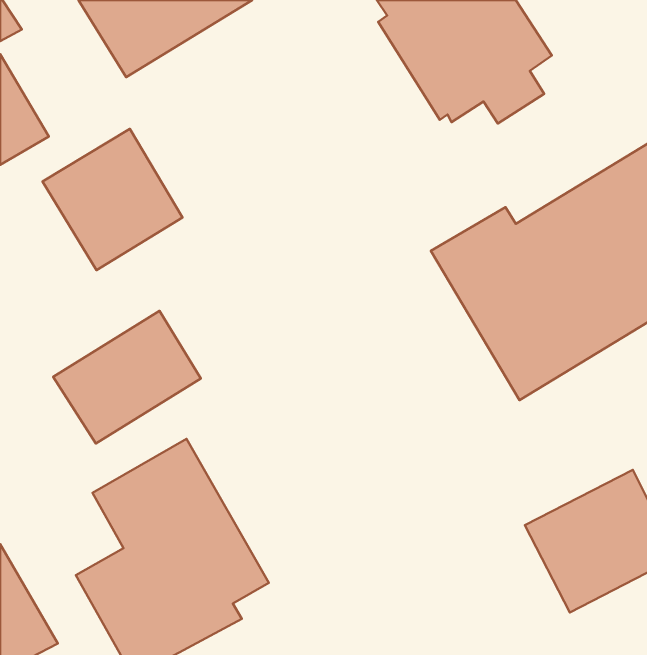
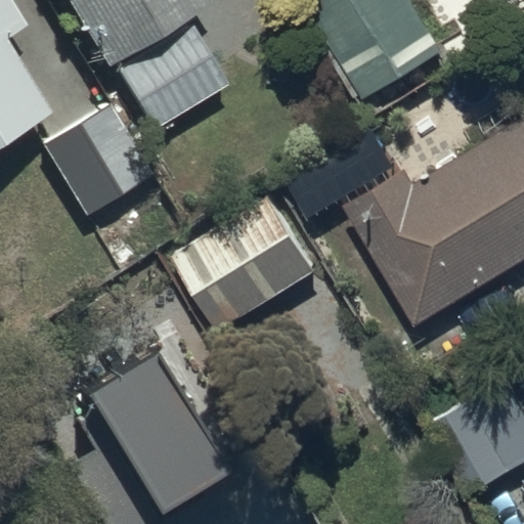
building: none -> [119,21,229,128]
building: none -> [177,194,322,329]
building: [53,311,201,444] -> none

